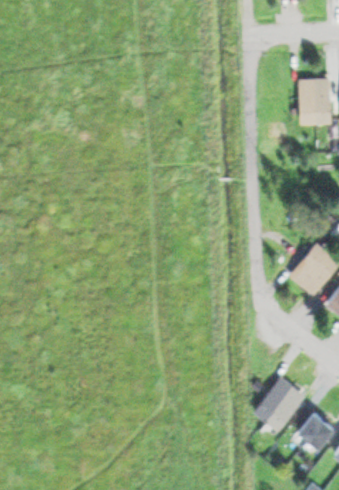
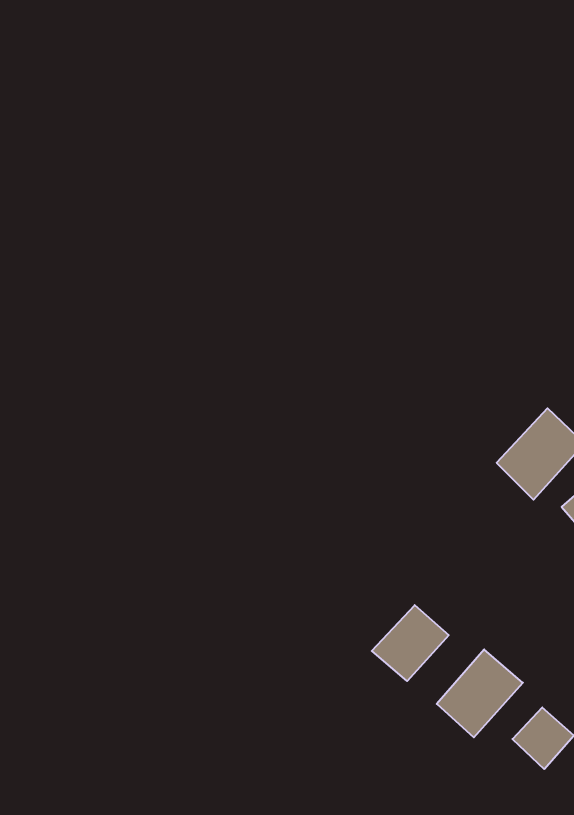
building: [299,80,329,123] -> none
building: none -> [372,605,449,681]

